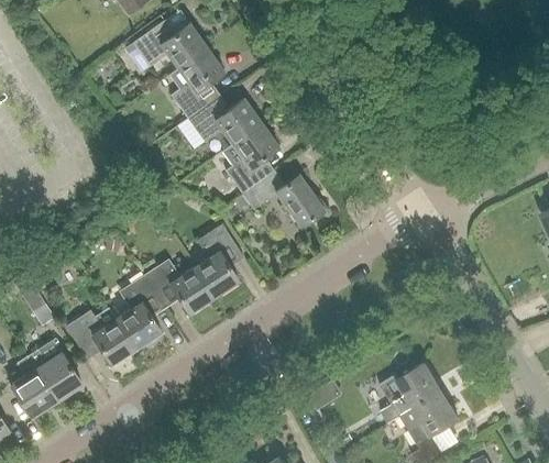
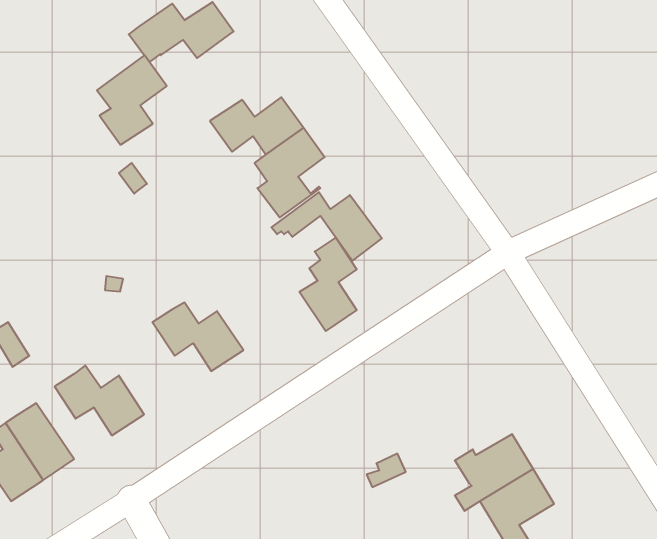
building: [169,46,224,117] -> [97,55,167,145]
building: [194,223,239,297] -> [299,237,357,331]
building: [117,275,161,348] -> none

